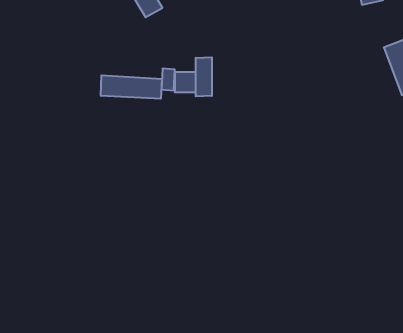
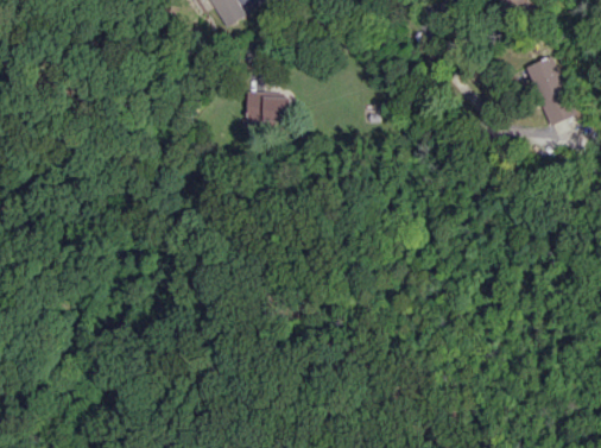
building: [196,57,212,96] -> none
building: [101,75,162,99] -> none

